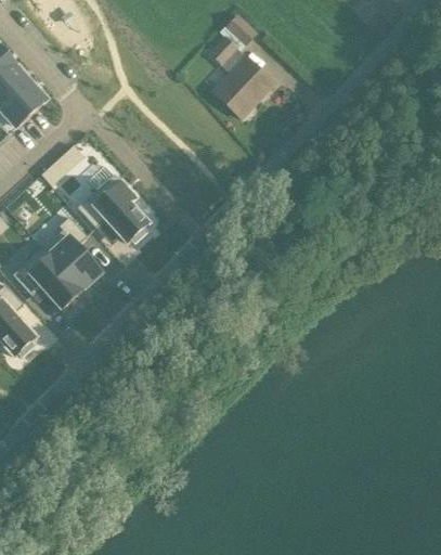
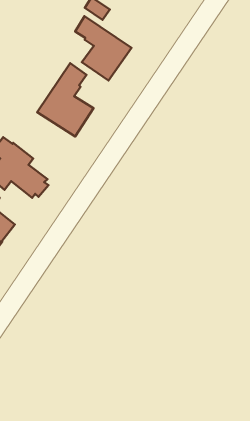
building: none -> [37,63,94,137]

